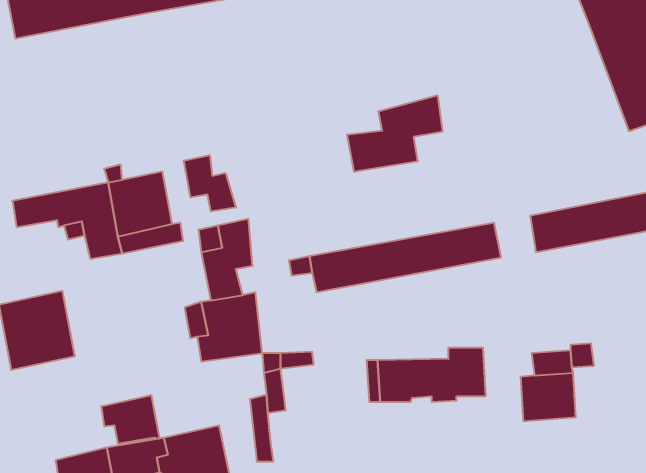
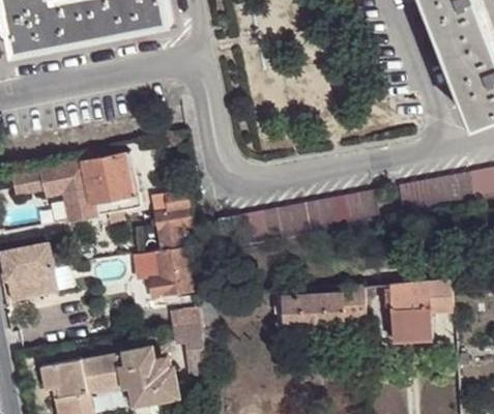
building: [347,95,442,172] -> none
building: [184,155,236,211] -> none
building: [101,395,159,444] -> none

